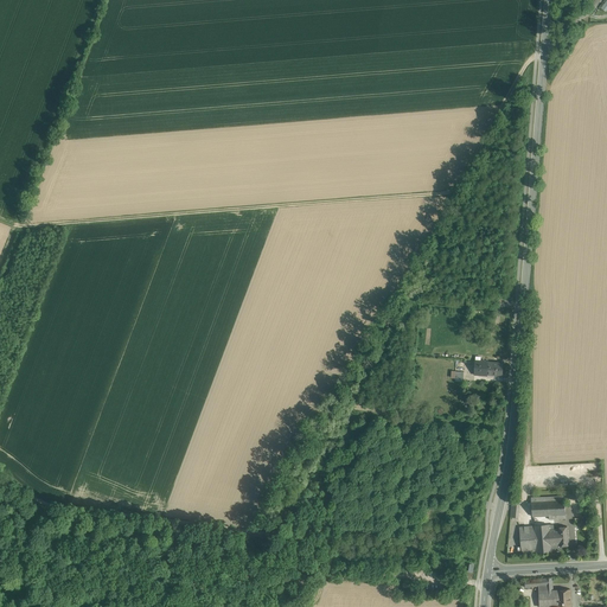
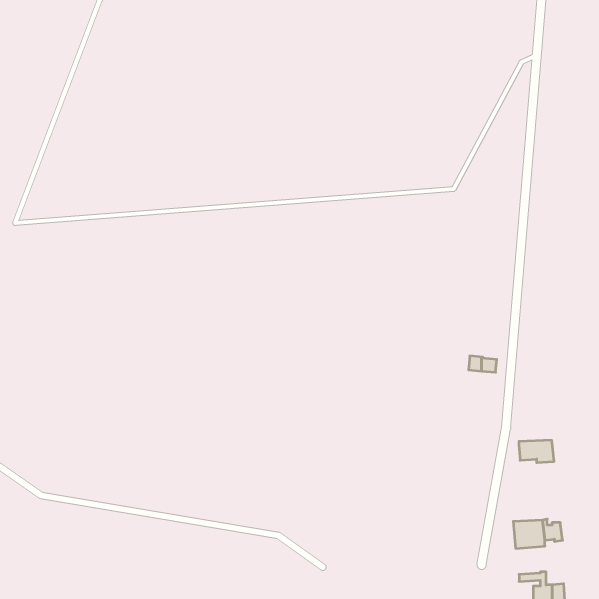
building: [530,498,566,520] -> [519,440,554,463]

